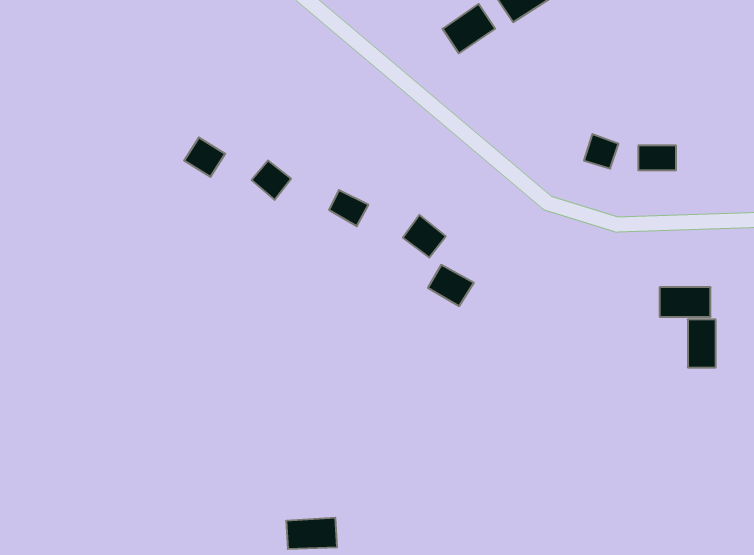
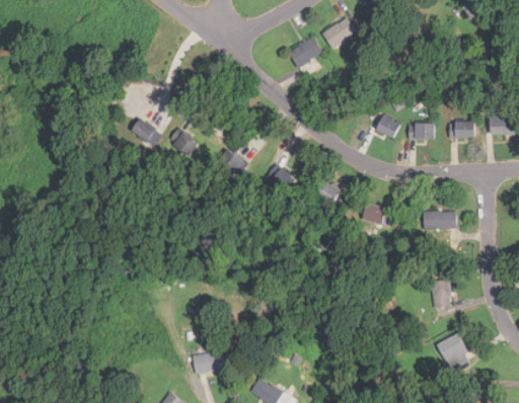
building: none -> [449,122,474,137]
building: [428,265,474,306] -> [310,178,339,204]
building: none -> [357,200,383,223]
building: [688,320,716,367] -> [433,277,450,307]
building: none -> [438,334,469,368]

